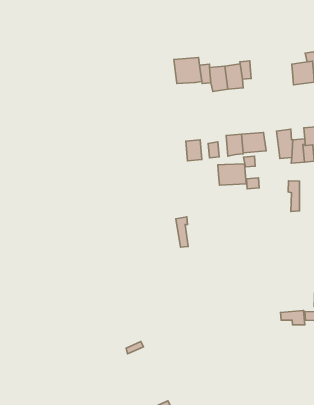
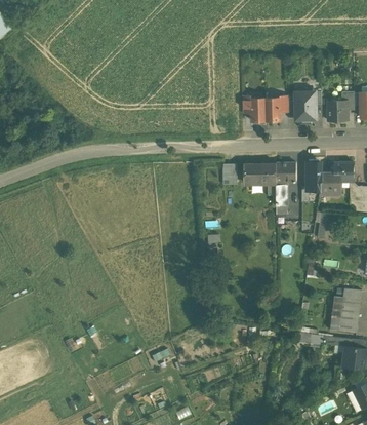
building: none -> [295,88,316,120]
building: [174,58,202,84] -> none
building: [218,164,246,185] -> none

